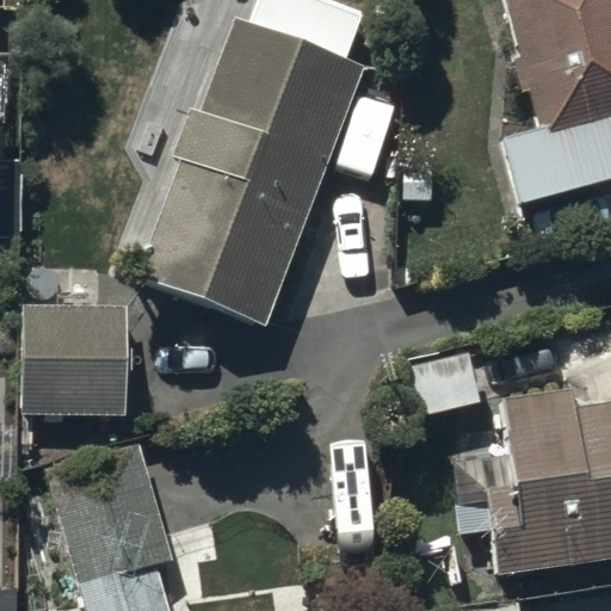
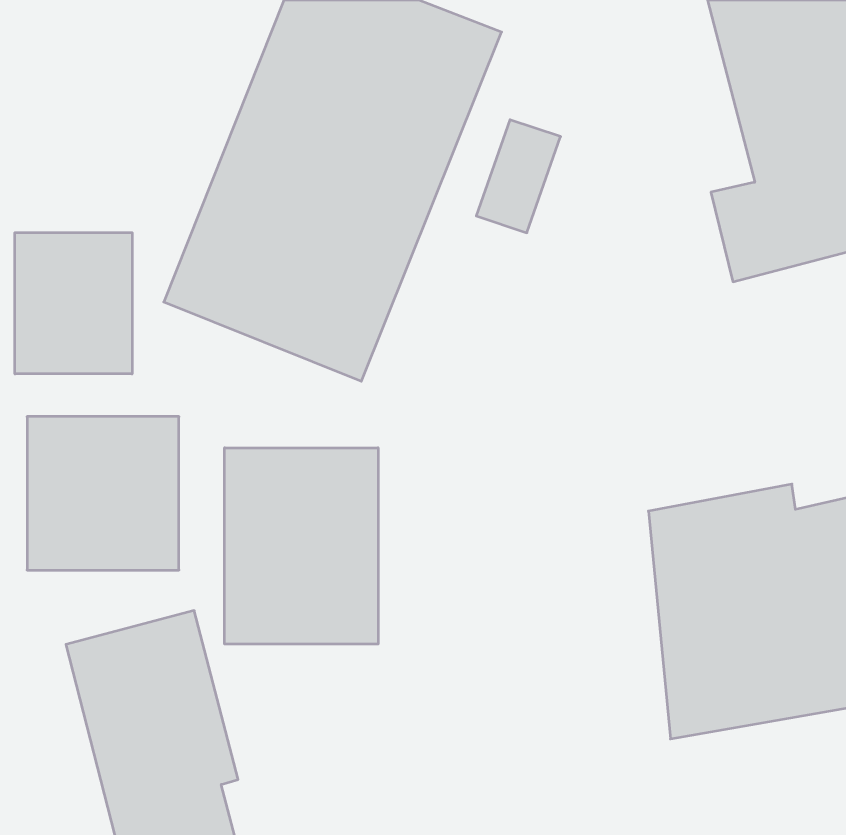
building: none -> [15,233,132,374]
building: none -> [225,448,378,644]

